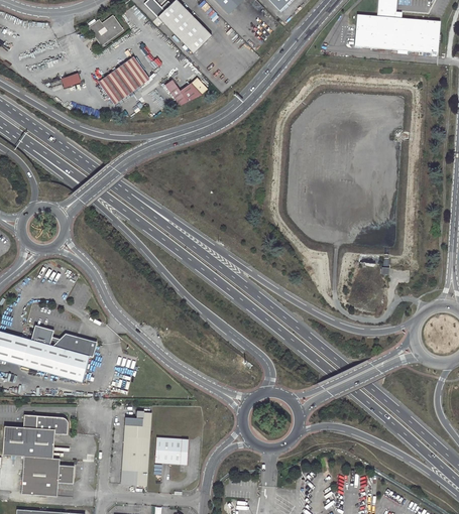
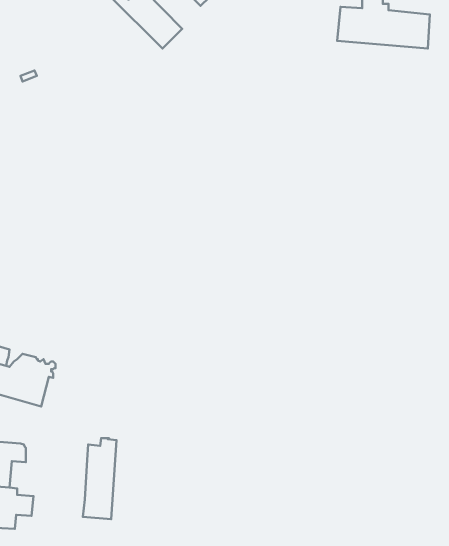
building: [89,14,124,44] -> none
building: [101,58,147,101] -> none
building: [165,77,209,105] -> none
building: [154,437,189,466] -> none

